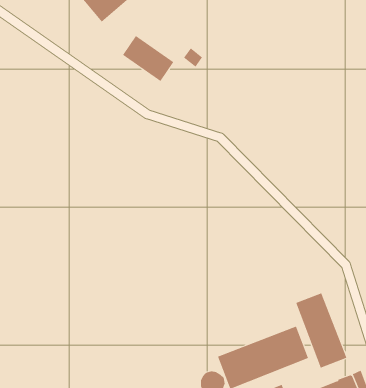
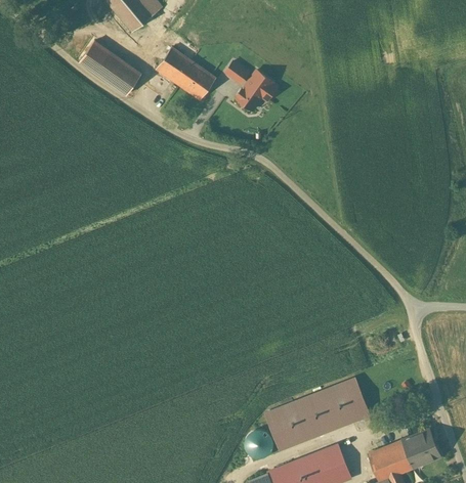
building: none -> [79,41,140,95]
building: none -> [237,71,277,111]
building: [295,292,347,369] -> none

